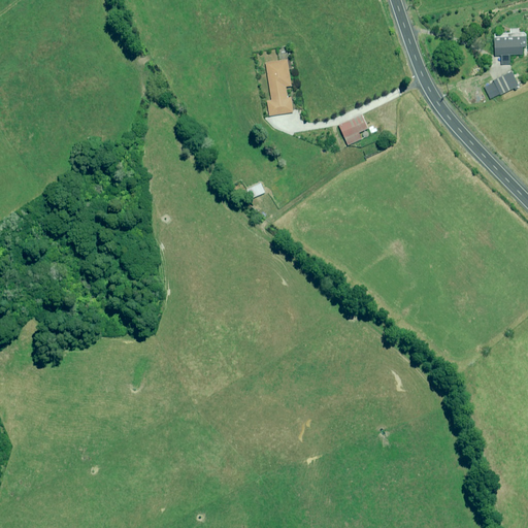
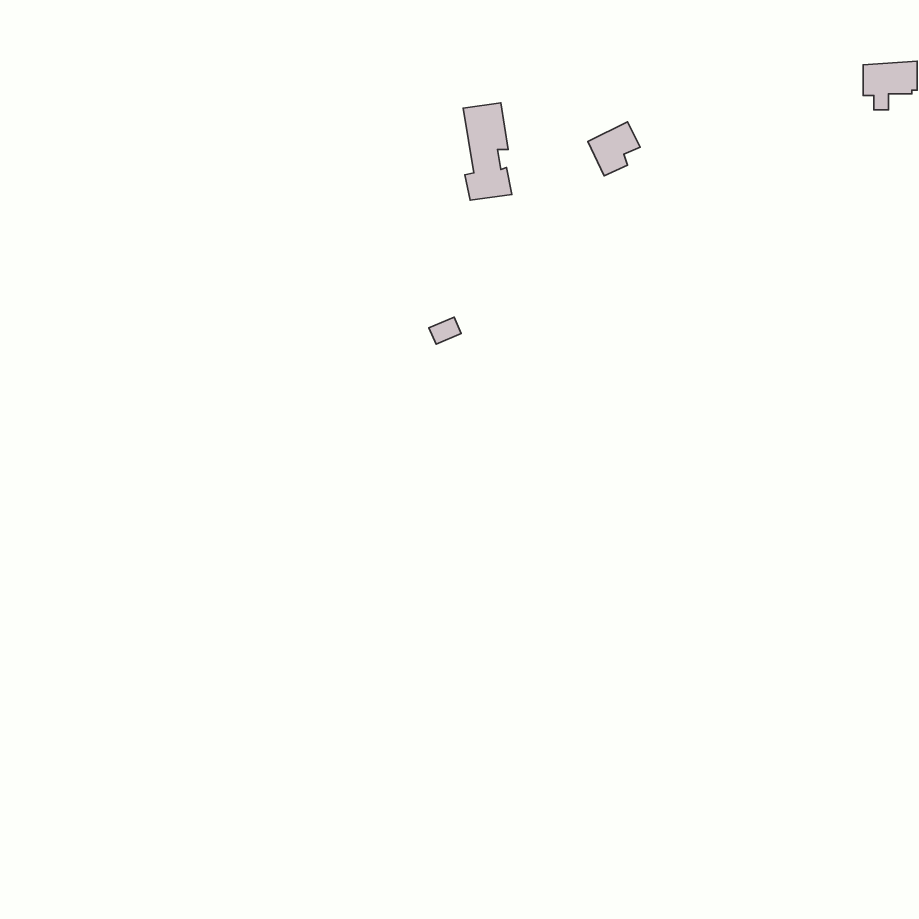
building: [483,70,518,98] -> none
building: [338,113,368,144] -> [588,122,640,176]

